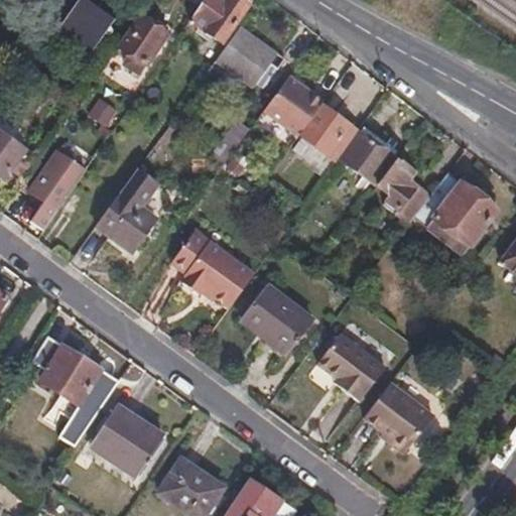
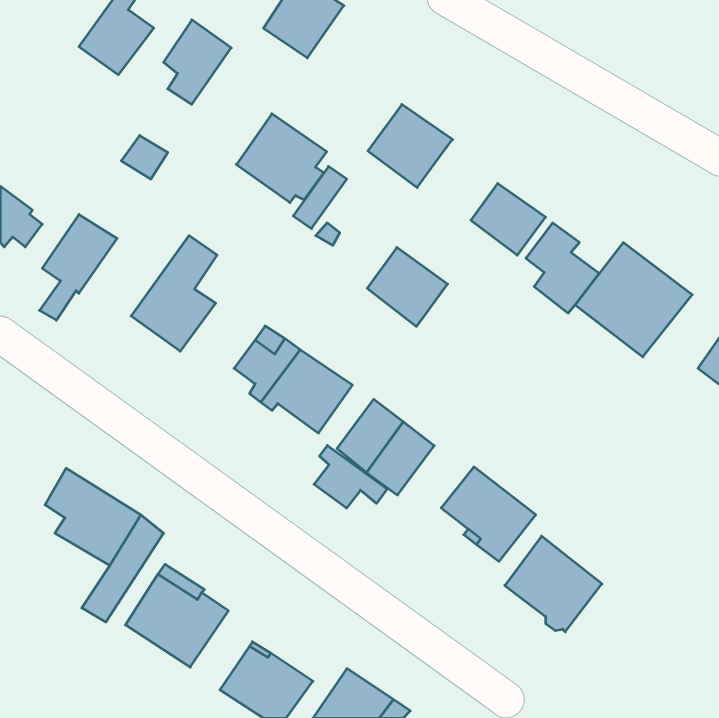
building: [214,25,278,89] -> [236,114,327,203]
building: [299,105,357,161] -> [367,247,448,326]
building: none -> [314,445,387,508]

